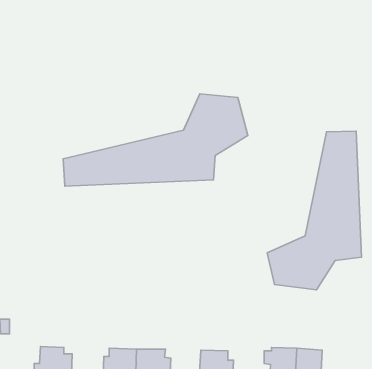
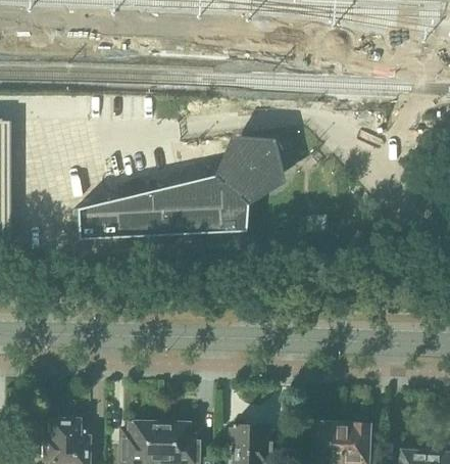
building: [267,131,362,290] -> none

